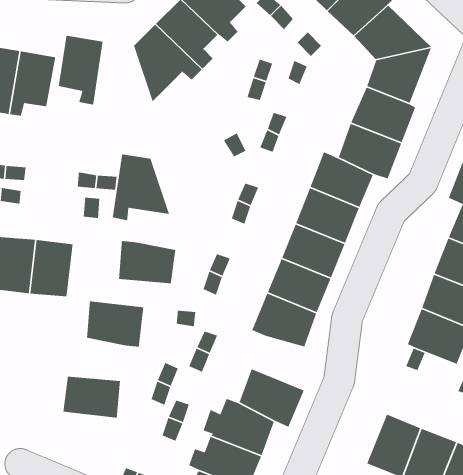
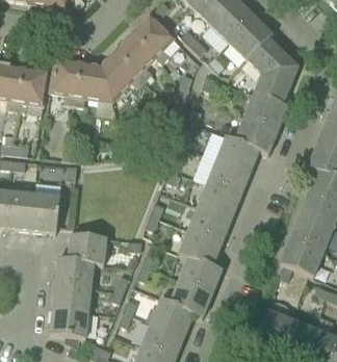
building: [112,153,170,221] -> [74,61,112,106]
building: [118,240,176,284] -> [56,257,95,286]
building: none -> [178,257,223,292]
building: none -> [51,307,89,337]

